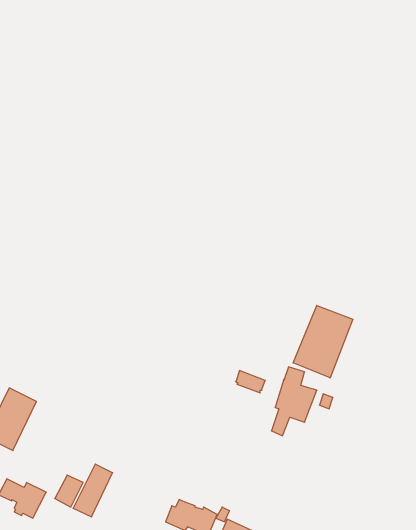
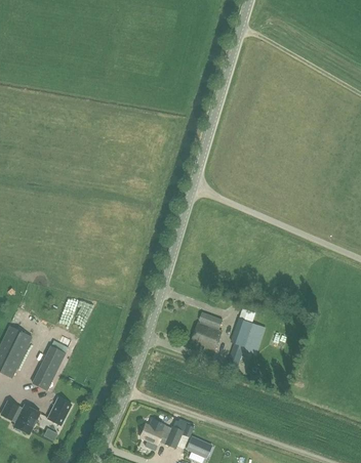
building: [293,305,353,378] -> none
building: none -> [191,322,220,349]
building: [73,464,113,517] -> [32,345,65,389]

